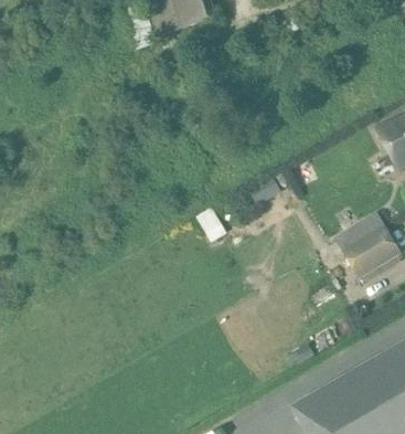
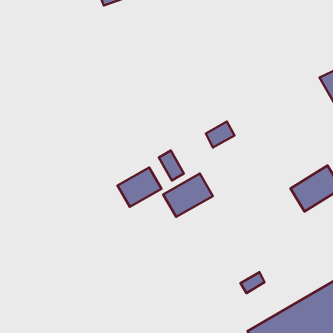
building: none -> [117,168,161,207]
building: none -> [163,174,213,217]

